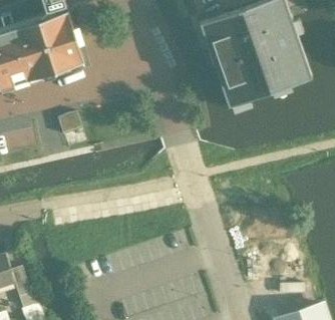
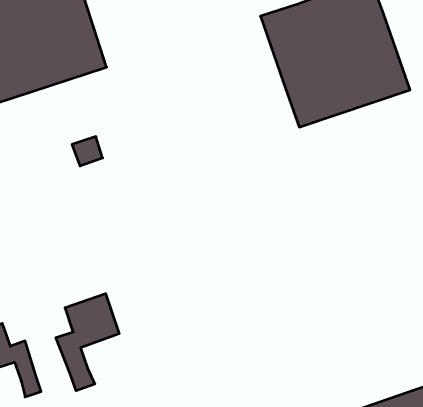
building: none -> [56,294,119,391]

